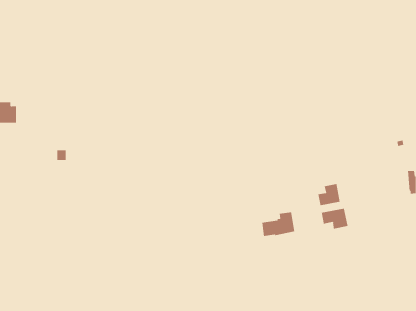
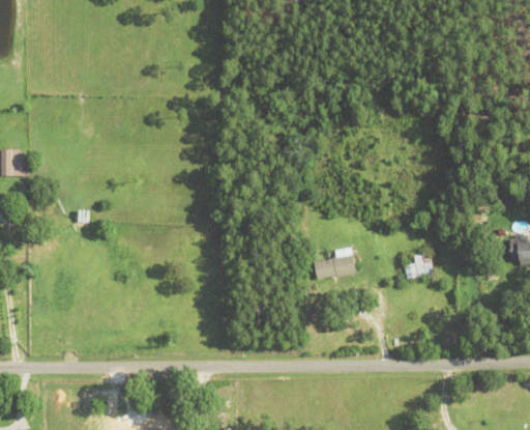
building: [321,208,348,229] -> none
building: [261,212,295,237] -> [314,248,356,279]

